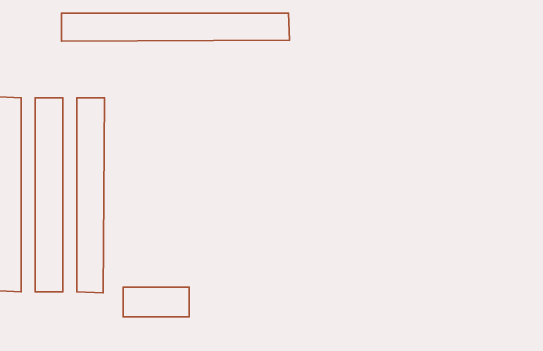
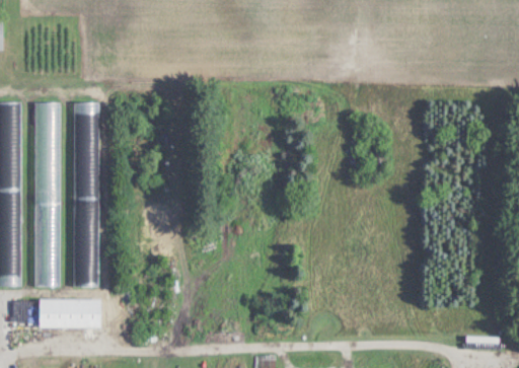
building: [61,13,290,41] -> none
building: [123,287,189,317] -> [39,300,101,328]

